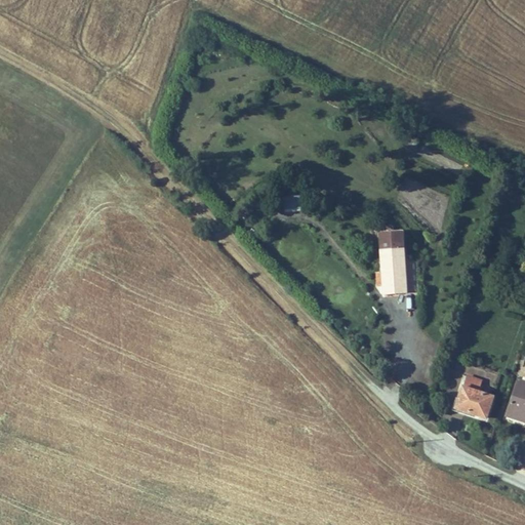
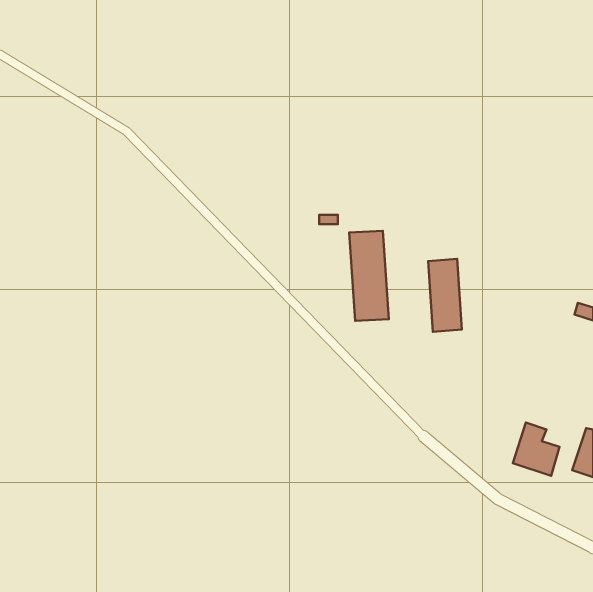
building: none -> [349,231,389,321]

